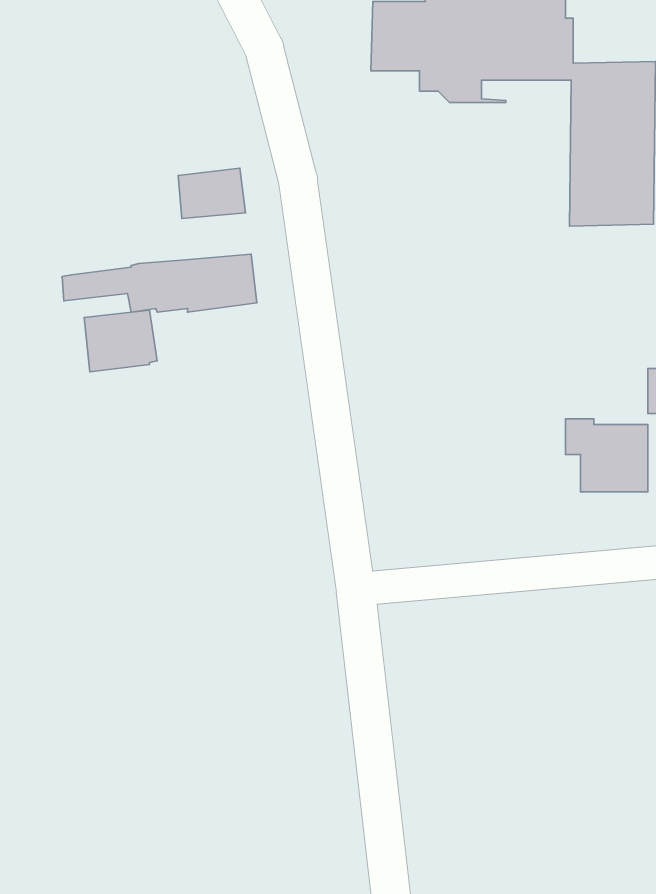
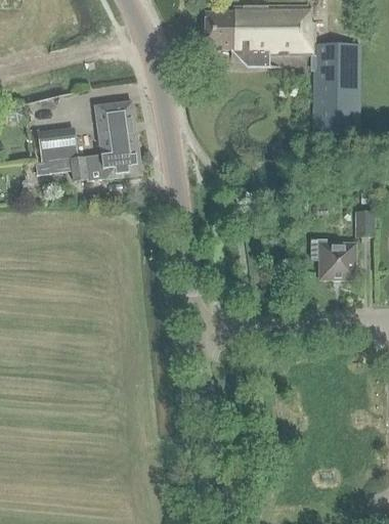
building: none -> [100,126,138,151]
building: [84,310,157,372] -> [37,126,77,160]

